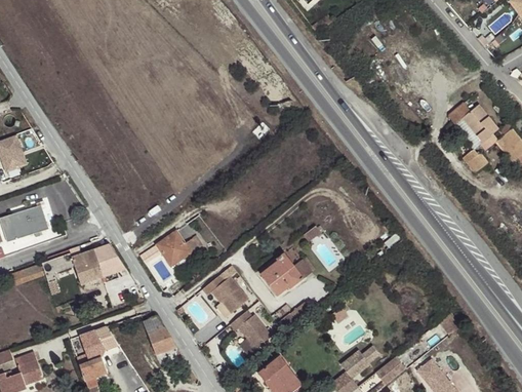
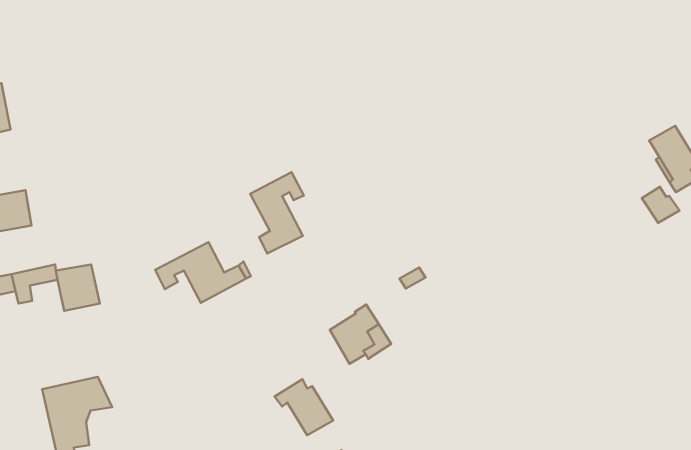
building: none -> [250,172,304,253]
building: [93,244,125,276] -> none
building: [201,275,248,314] -> none
building: [145,318,177,354] -> none

